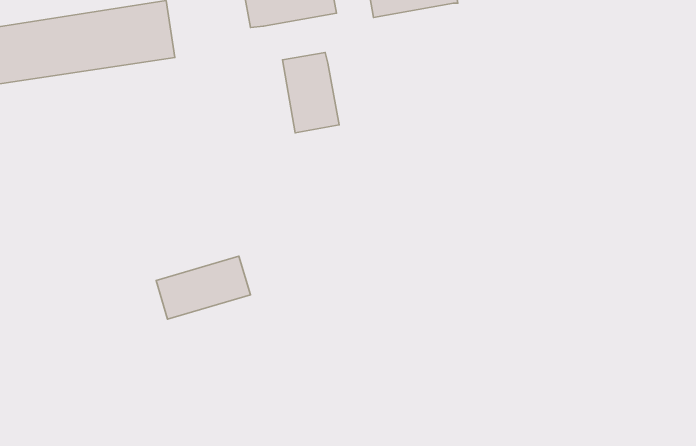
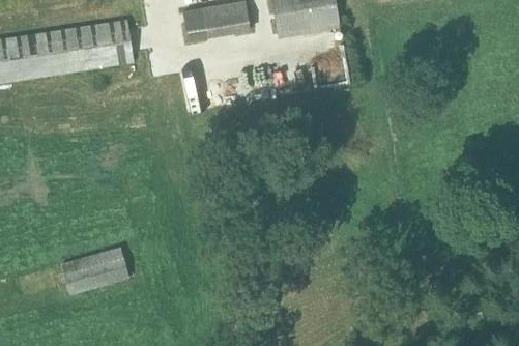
building: [283,53,339,133] -> none
building: [156,256,250,319] -> [59,249,127,294]

